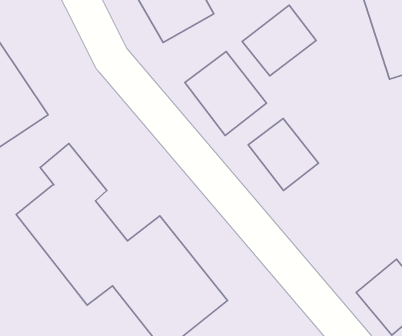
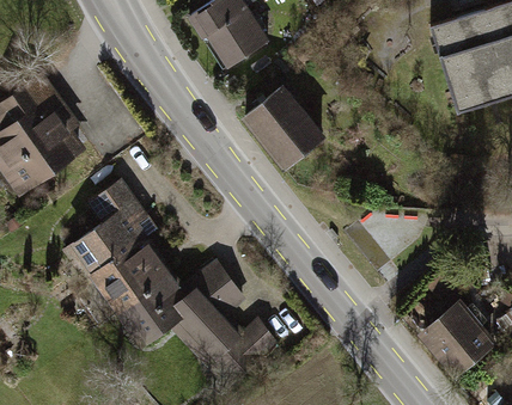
building: [242,5,316,76] -> none
building: [248,119,319,191] -> none

